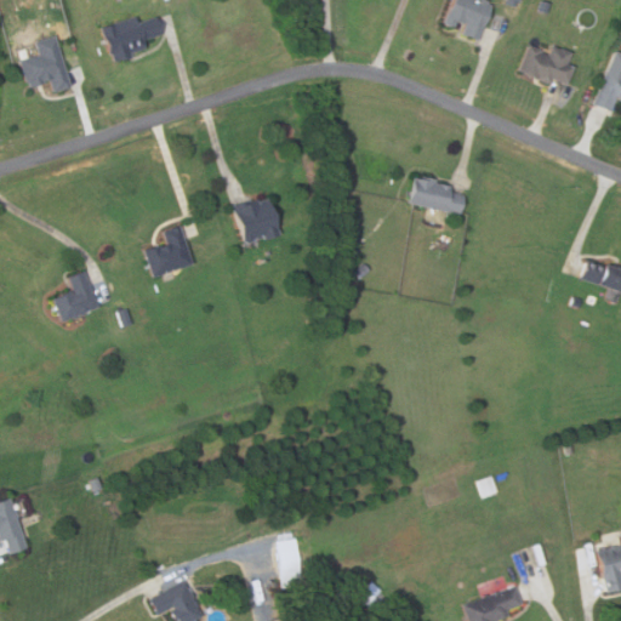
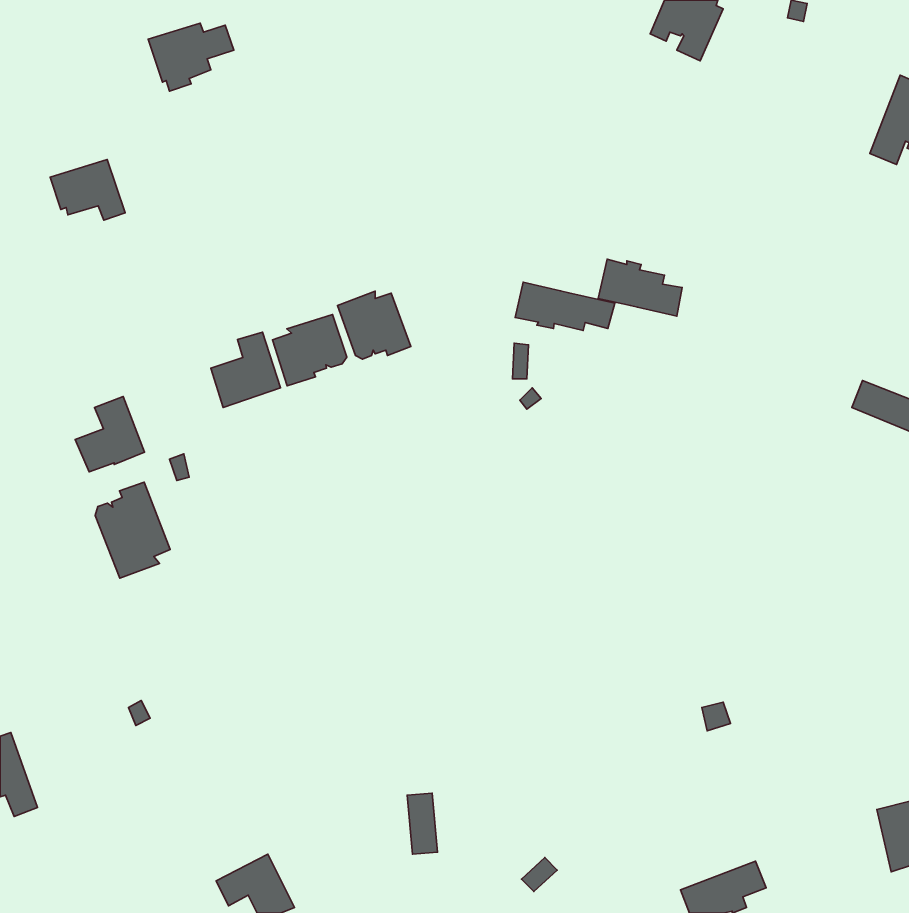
building: [518,44,576,84] -> none
building: [19,49,70,90] -> [50,159,125,220]
building: none -> [515,282,615,330]
building: none -> [272,315,347,386]
building: none -> [95,482,170,578]

